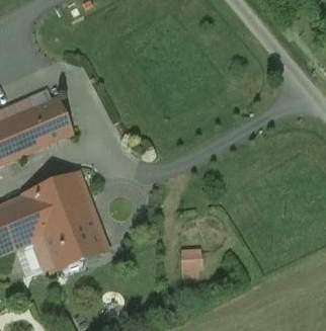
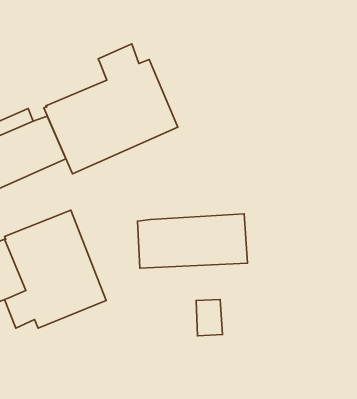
building: none -> [44,44,178,174]
building: none -> [137,214,248,268]

